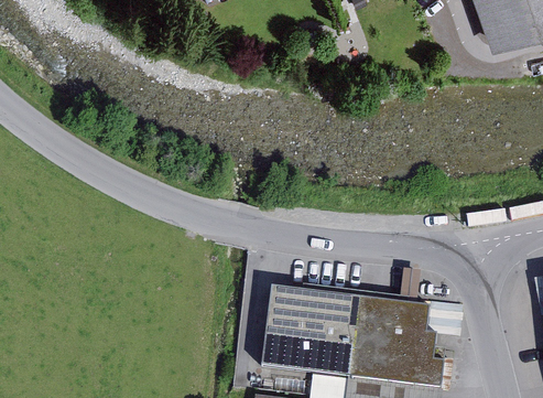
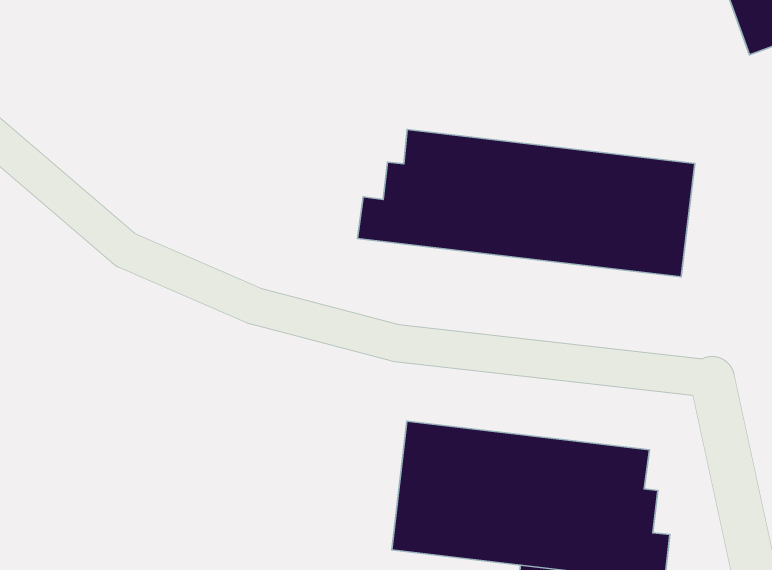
building: none -> [358,129,695,277]

